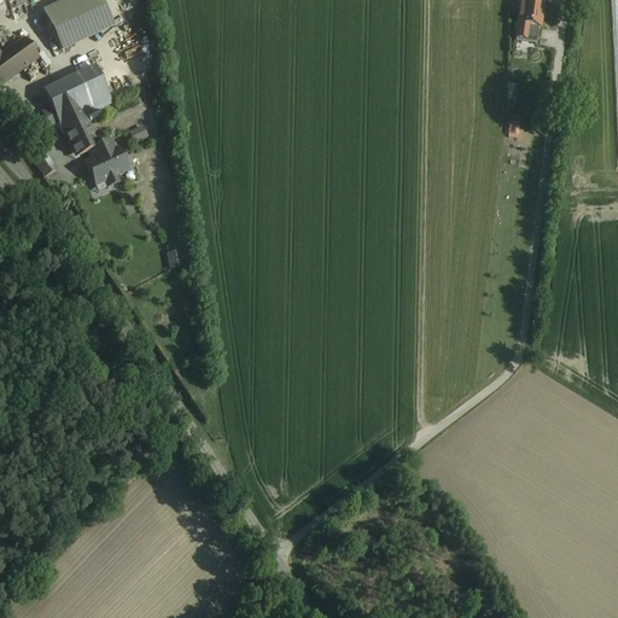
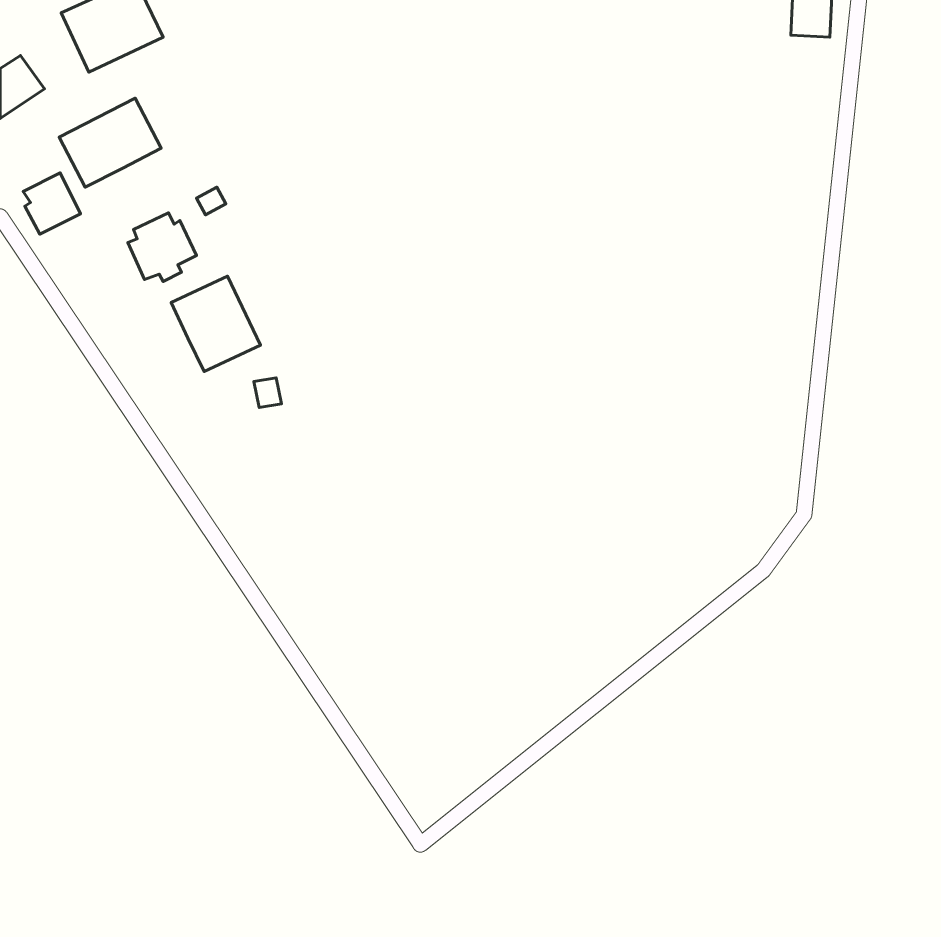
building: [59,110,97,150] -> [23,173,80,234]
building: none -> [171,276,260,372]

